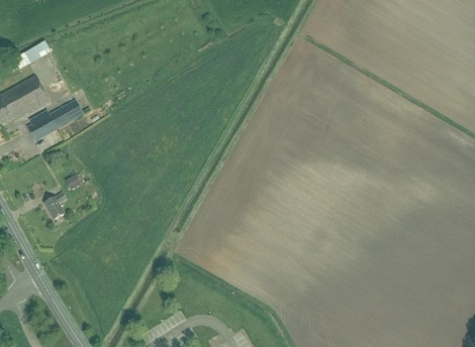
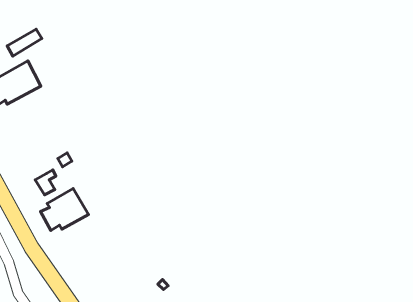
building: [27,99,84,138] -> none
building: none -> [41,188,89,231]

